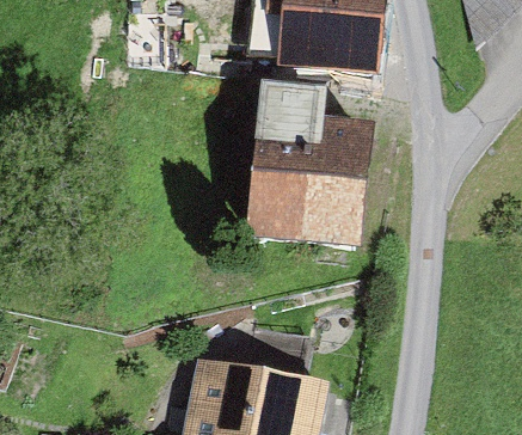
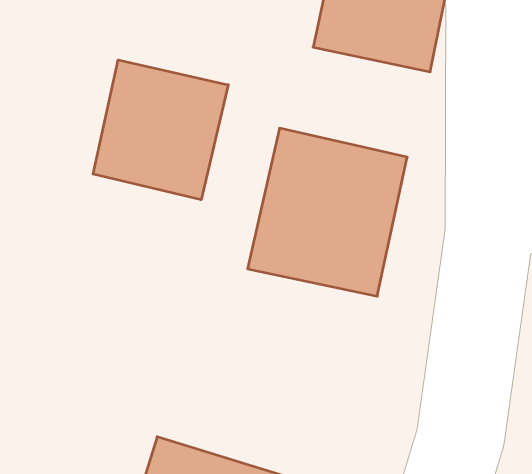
building: none -> [93,60,228,200]

